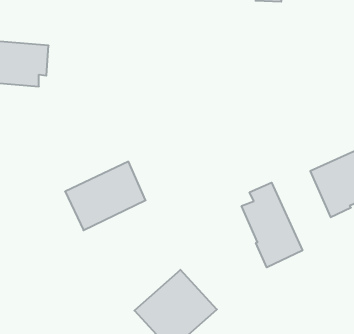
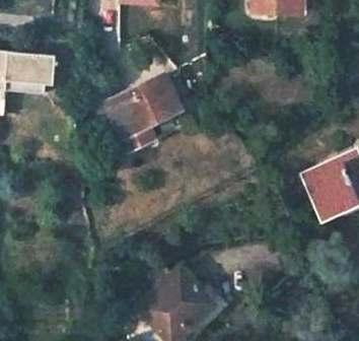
building: [65,162,146,230] -> [105,75,182,140]
building: [242,183,302,267] -> none

